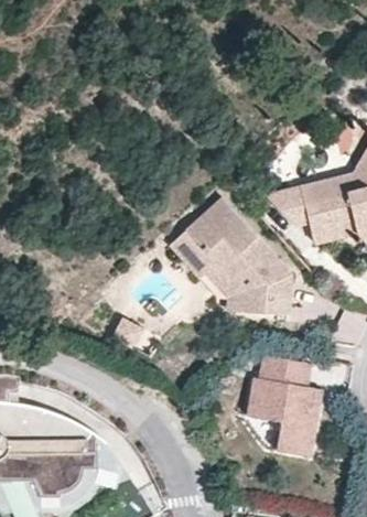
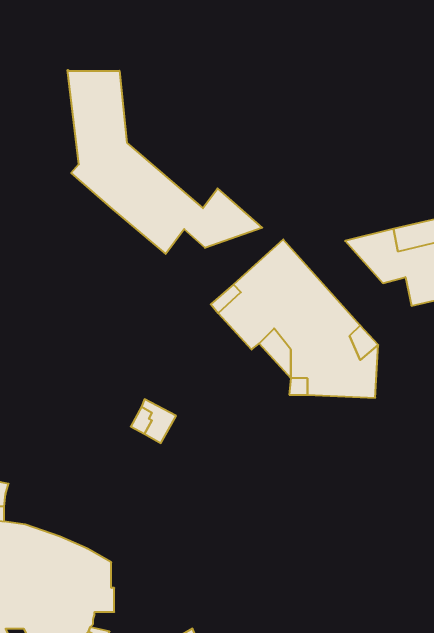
building: none -> [68,70,262,254]
building: [248,355,322,455] -> none

